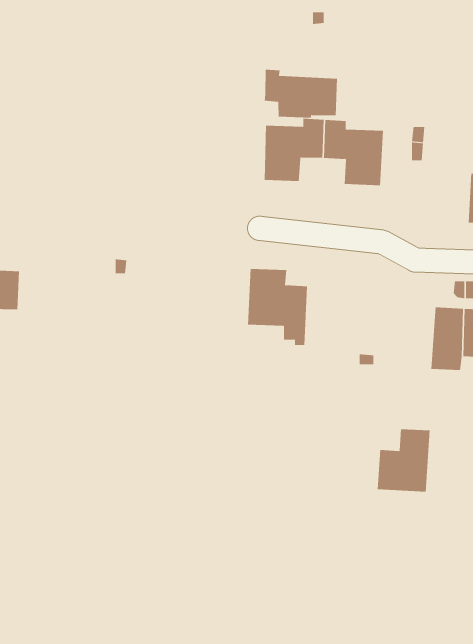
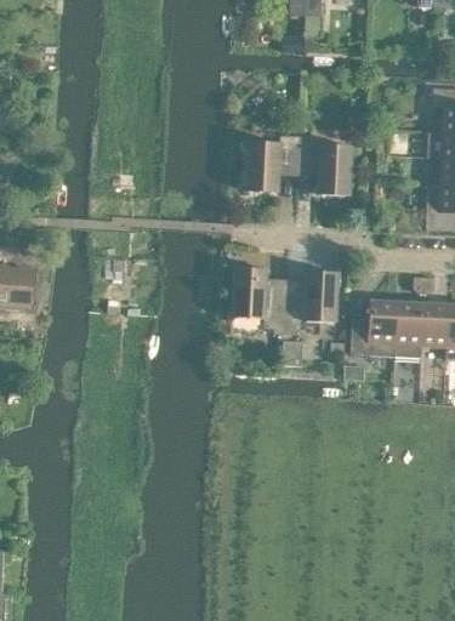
building: [264,69,338,118] -> none
building: none -> [281,269,337,336]
building: [377,429,431,492] -> [348,300,396,355]

